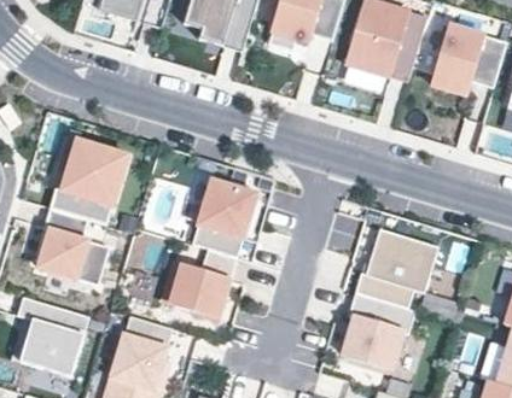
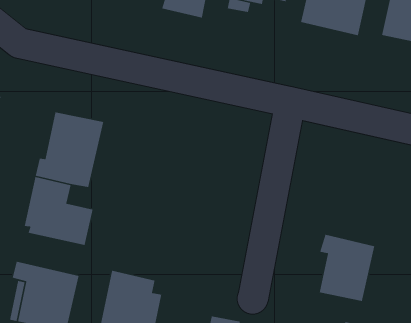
building: [191,180,255,257] -> none
building: [355,228,438,309] -> none
building: [162,263,229,317] -> none

